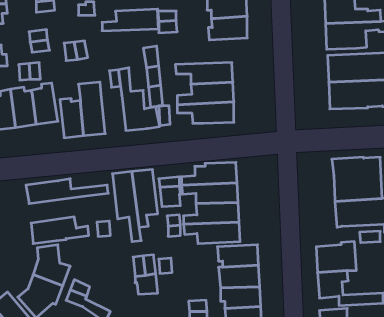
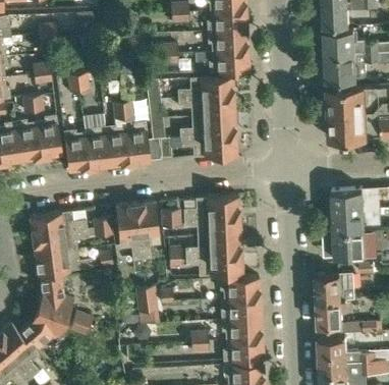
building: [102,9,159,31] -> [176,76,232,98]
building: none -> [103,126,127,166]
building: none -> [32,225,111,255]

